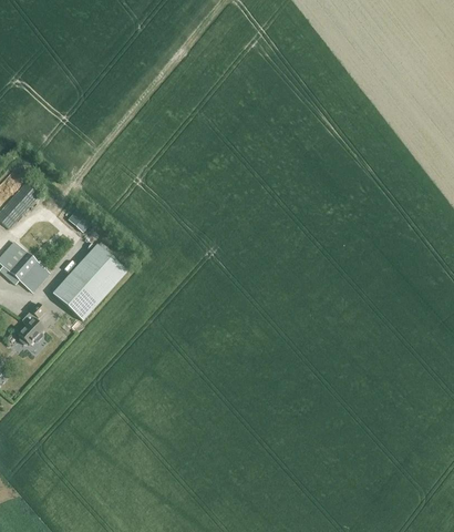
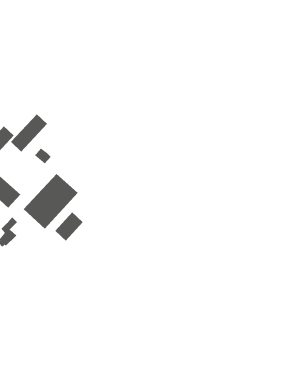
building: none -> [10,113,48,152]
building: none -> [54,212,84,242]

